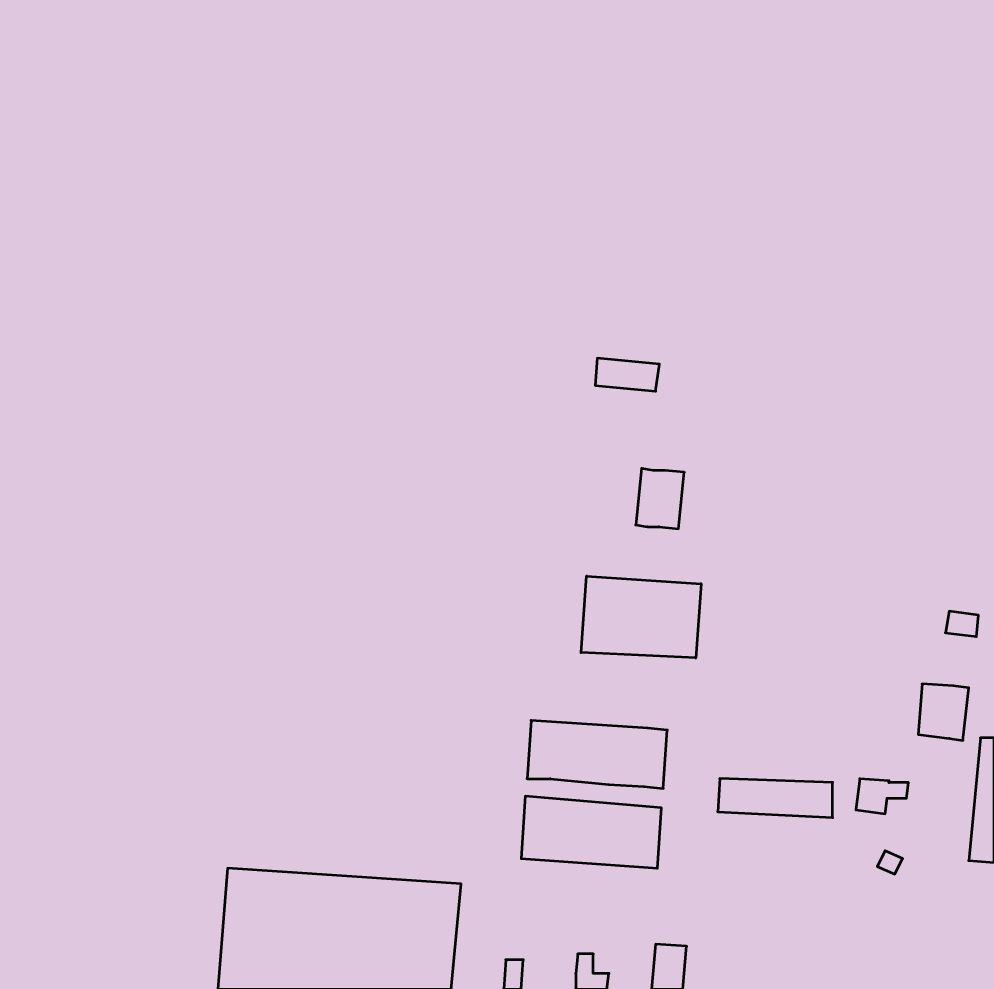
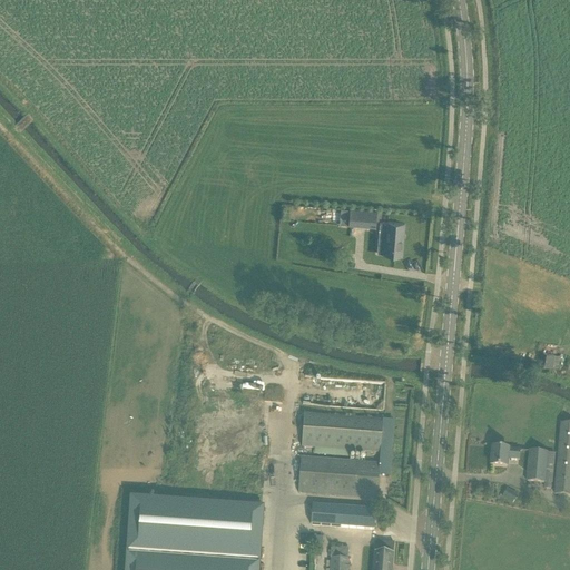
building: [636,468,684,529] -> [377,217,405,252]
building: [581,576,701,658] -> none
building: [918,684,969,740] -> [527,450,556,482]
building: [718,779,833,818] -> [306,503,372,525]

